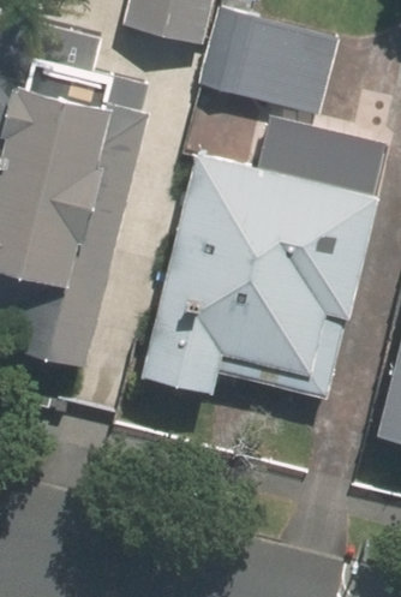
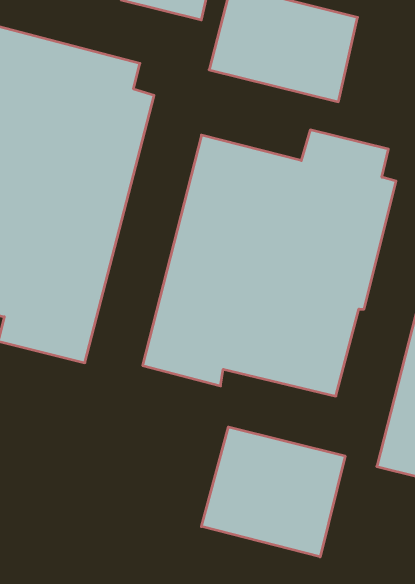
building: none -> [201,427,345,557]

